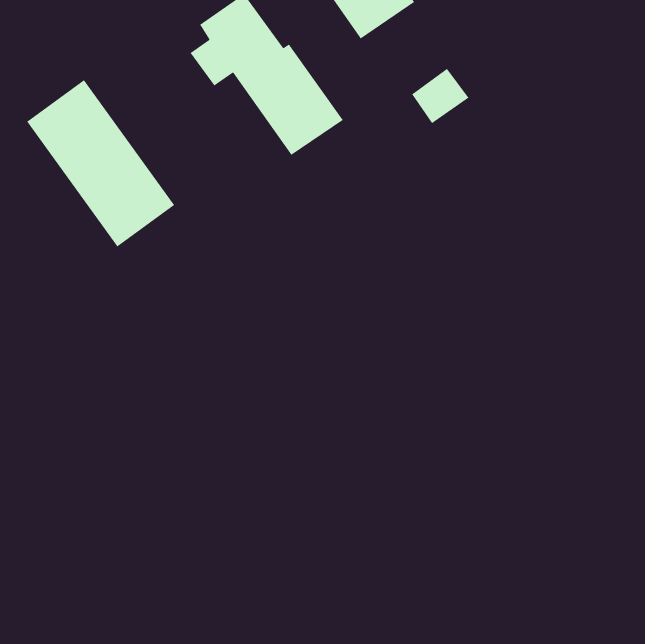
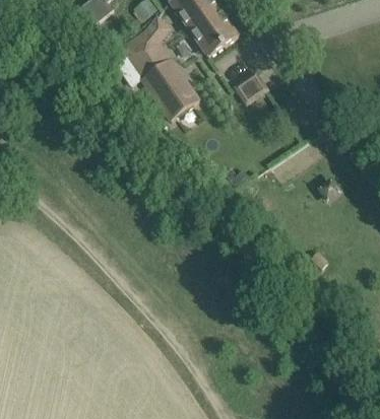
building: [26,79,175,248] -> none

